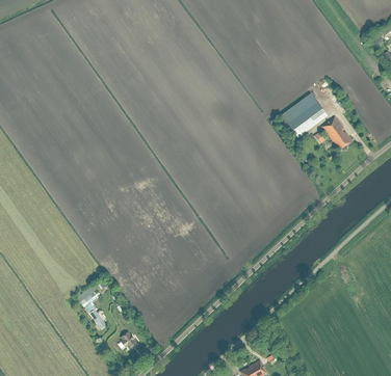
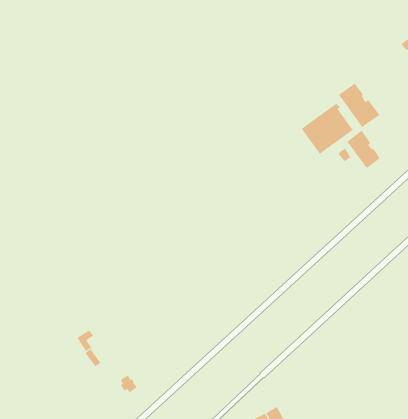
building: none -> [338,83,380,128]

